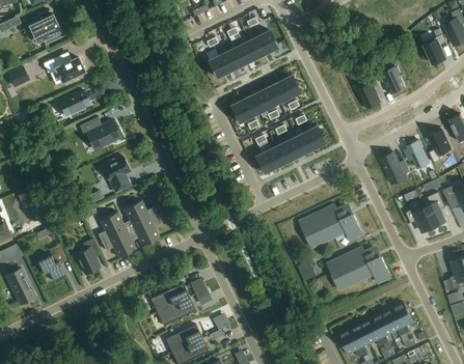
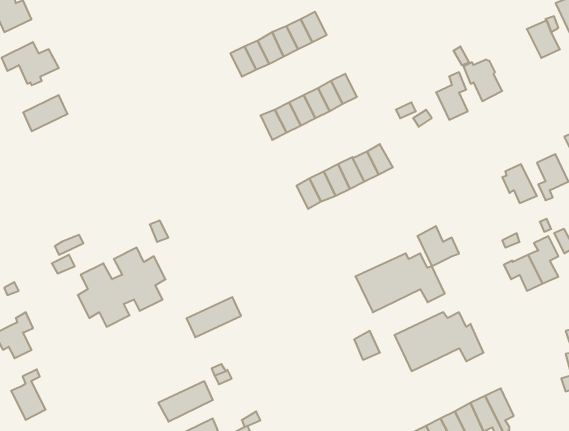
building: [79,116,120,149] -> none
building: [380,151,410,180] -> [417,226,459,266]
building: [103,157,131,192] -> none
building: [75,237,100,274] -> [11,369,46,420]
building: [151,283,190,312] -> [186,297,241,337]

